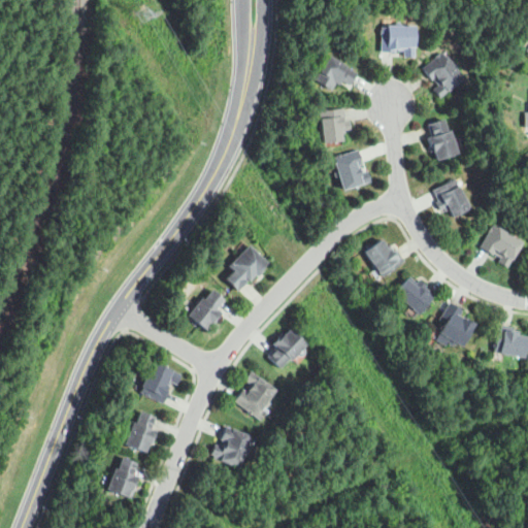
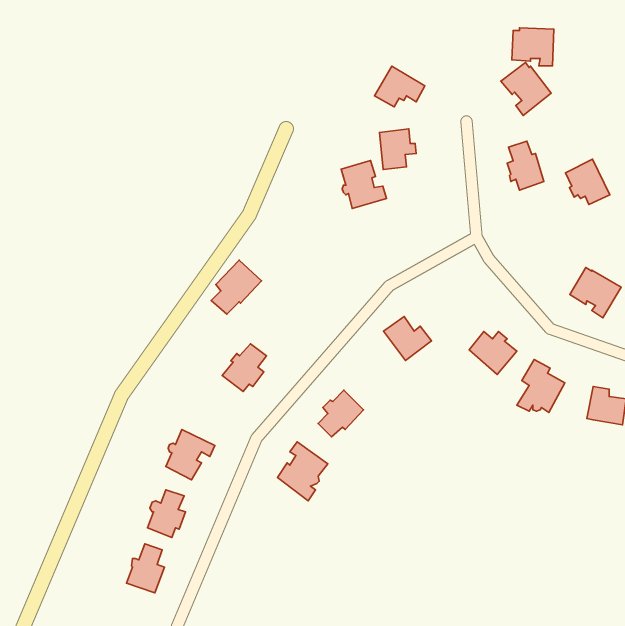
building: [382,26,417,58] -> [512,28,554,66]
building: [334,151,372,191] -> [341,161,386,208]
building: [434,179,471,218] -> [566,159,610,205]
building: [365,240,405,277] -> [383,316,431,361]
building: [226,243,268,289] -> [211,260,261,314]
building: [212,427,253,469] -> none

